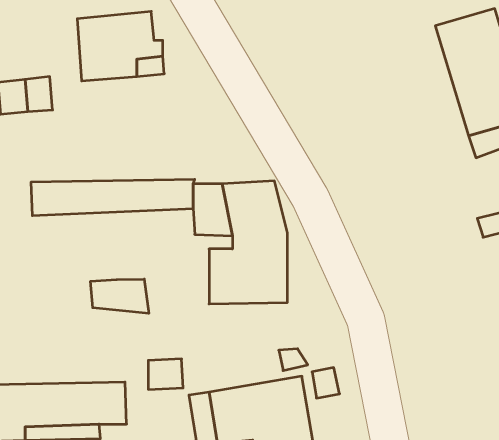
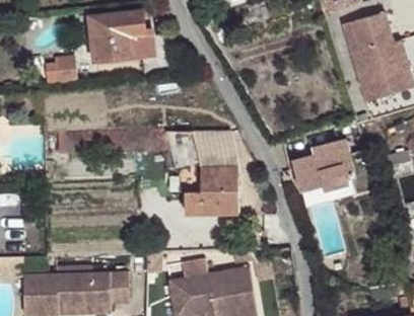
building: none -> [295,141,377,195]
building: [91,279,149,313] -> none

